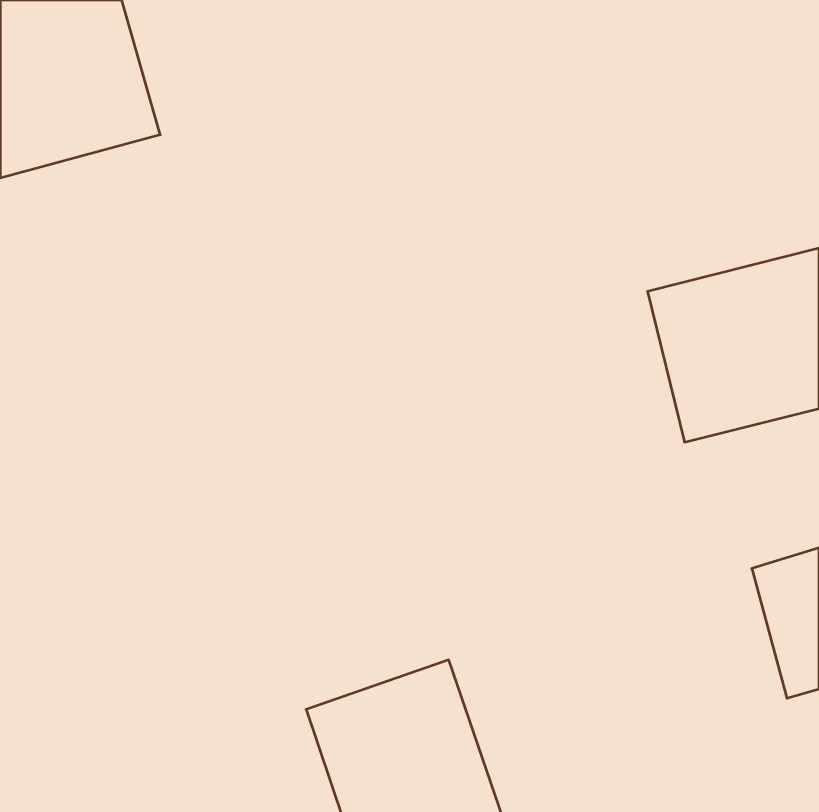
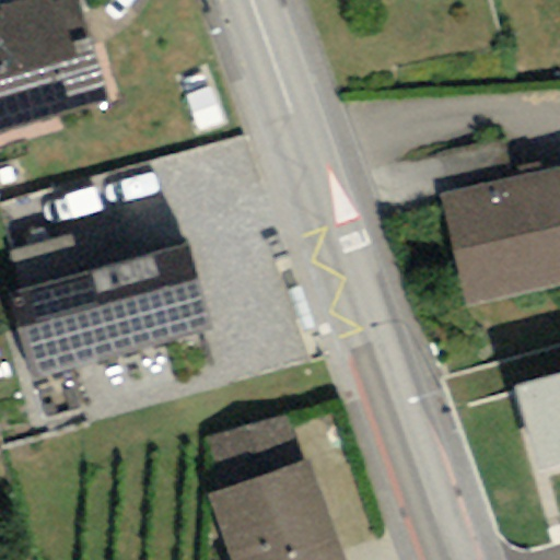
building: none -> [7,235,209,374]

